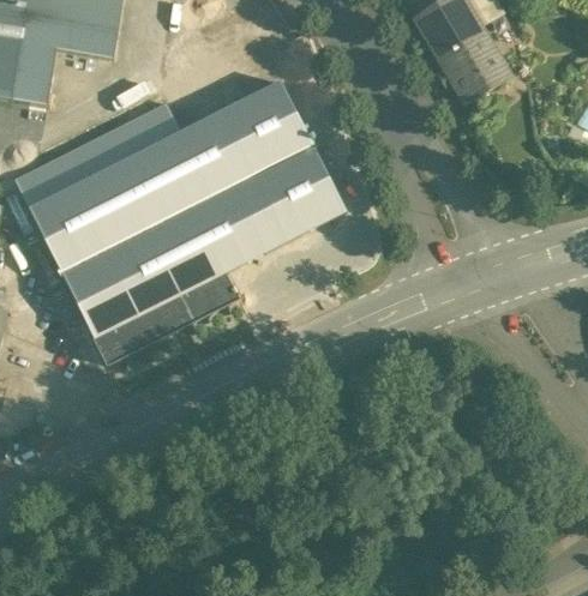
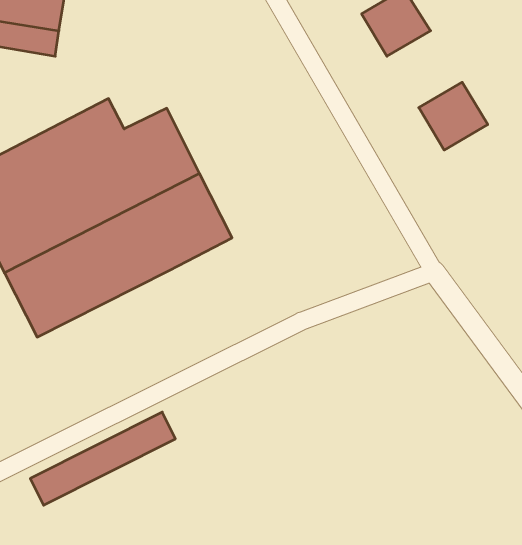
building: [440,34,509,101] -> [419,82,488,150]
building: [222,80,344,239] -> none
building: [94,271,238,363] -> [30,412,175,505]

